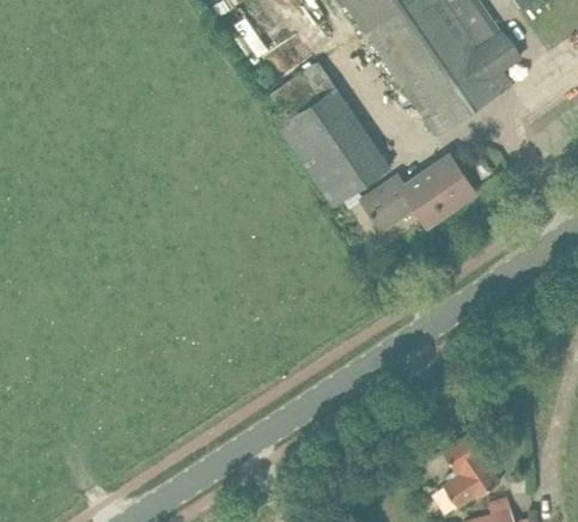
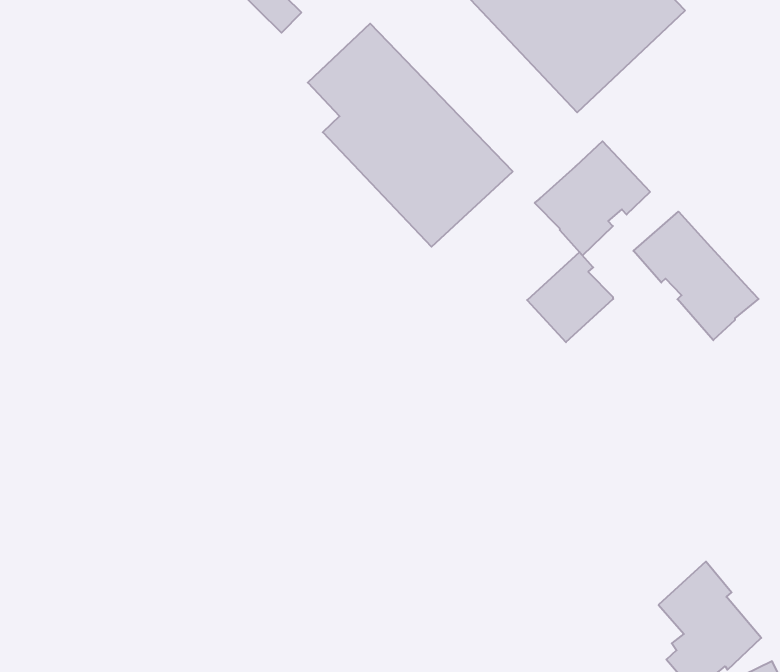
building: [360,175,414,230] -> [527,252,613,342]
building: none -> [633,212,759,340]

